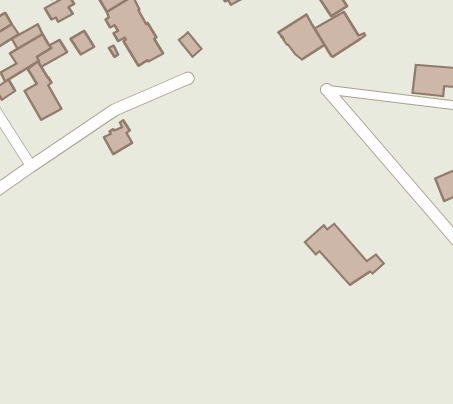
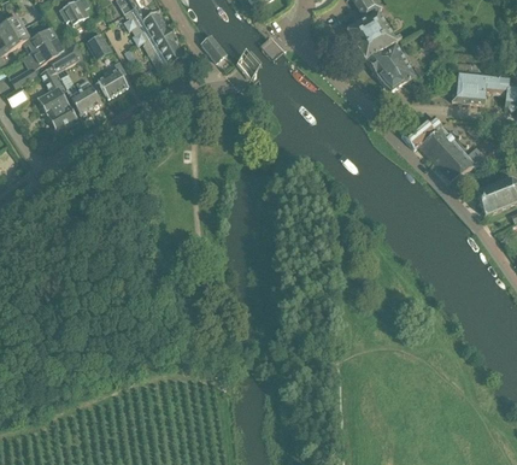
building: [278,15,324,60] -> [365,42,415,90]
building: none -> [65,82,100,114]
building: [104,120,132,154] -> [98,61,128,98]
building: [305,224,384,285] -> [401,116,486,181]

